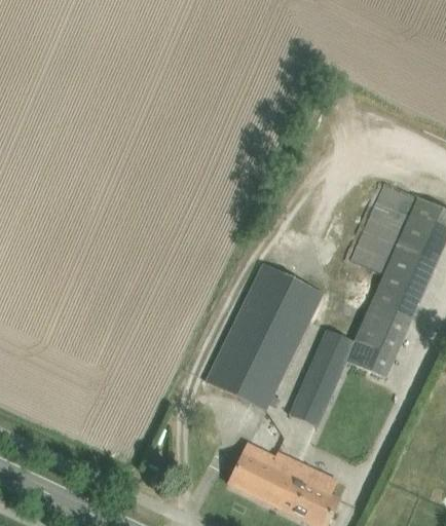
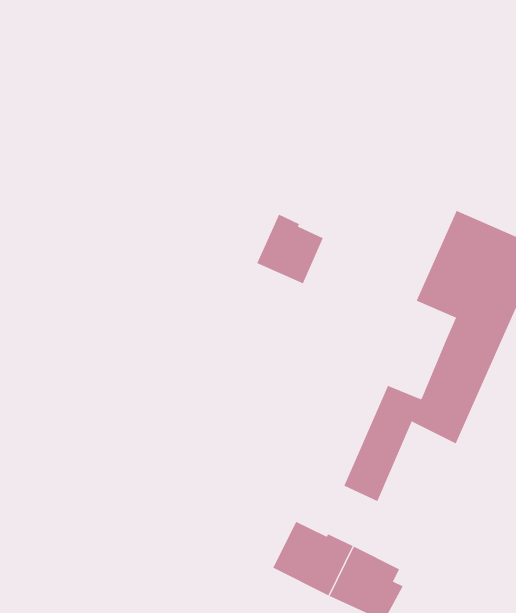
building: none -> [256,214,324,284]
building: [209,265,326,410] -> none

